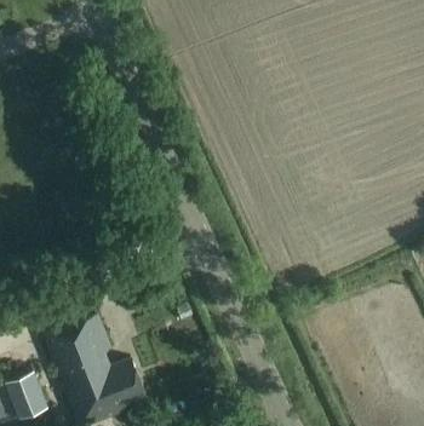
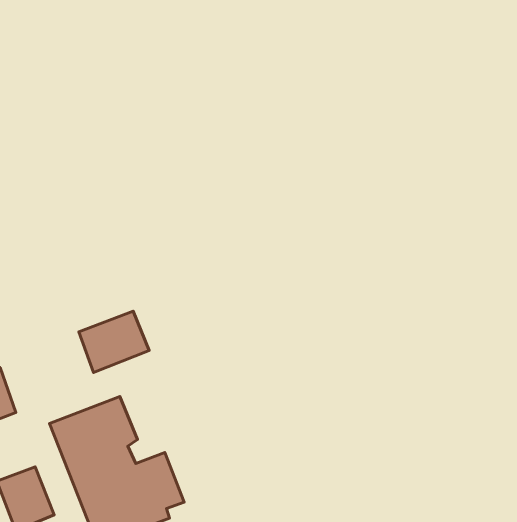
building: none -> [79,311,149,372]

